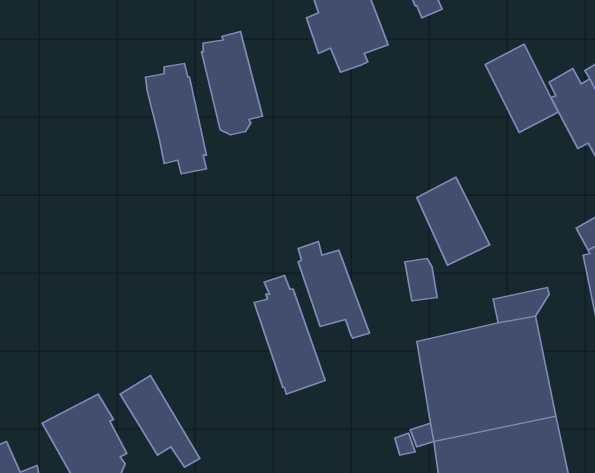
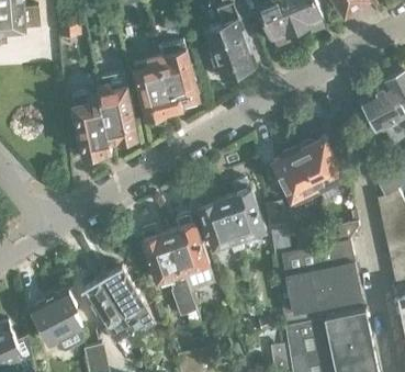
building: none -> [158,45,204,111]
building: [485,44,558,132] -> [297,137,345,194]
building: none -> [72,93,111,165]
building: none -> [222,180,265,251]
building: none -> [139,226,198,325]
building: none -> [100,267,154,332]

